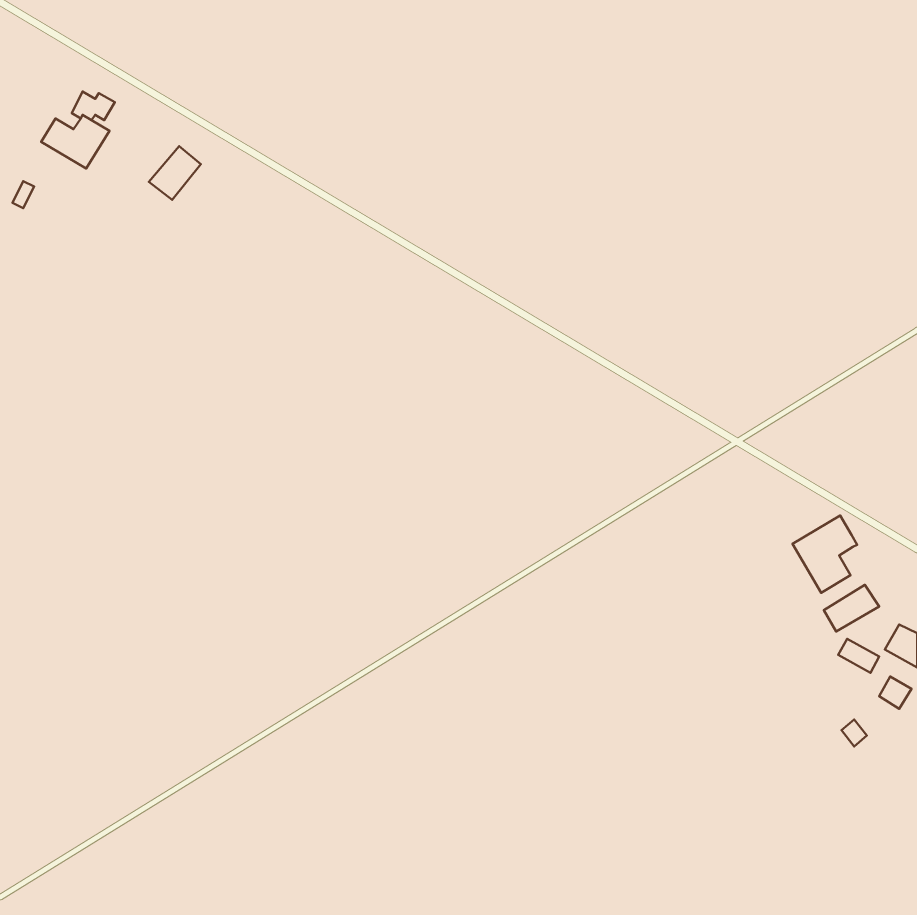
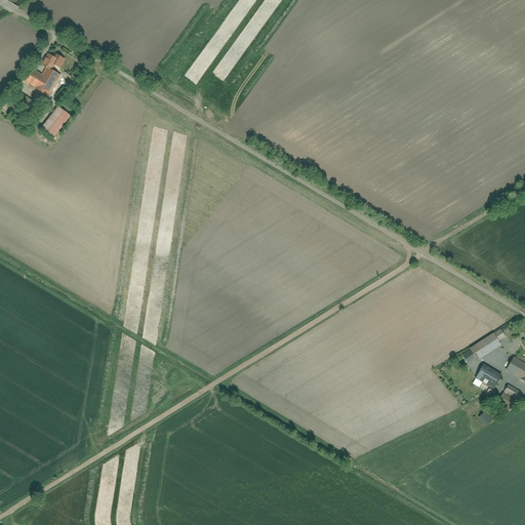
building: [149,146,201,200] -> [41,108,71,138]
building: [793,515,857,593] -> none

